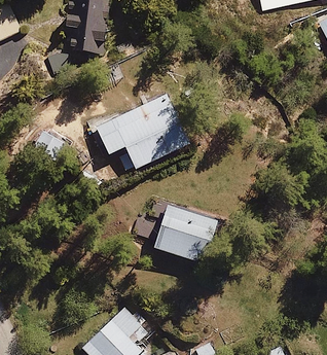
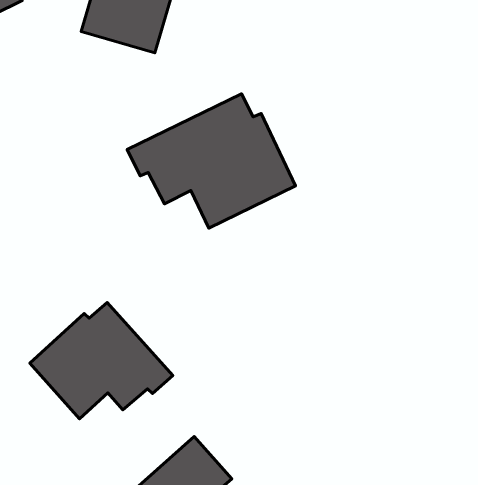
building: [154,205,222,271] -> none
building: none -> [30,302,173,419]

